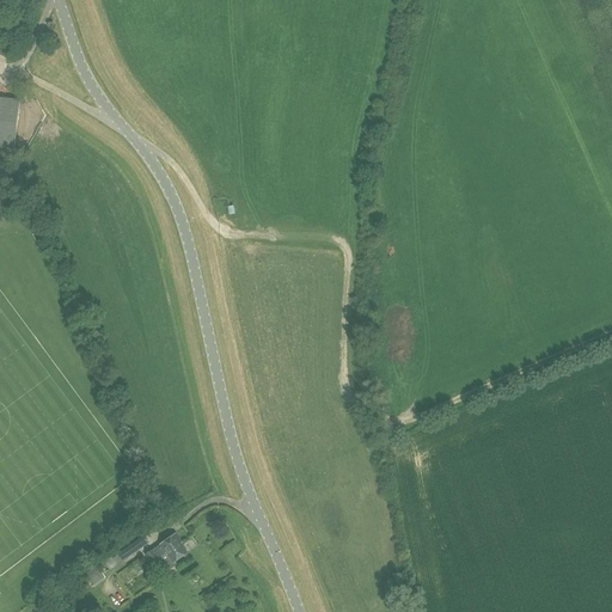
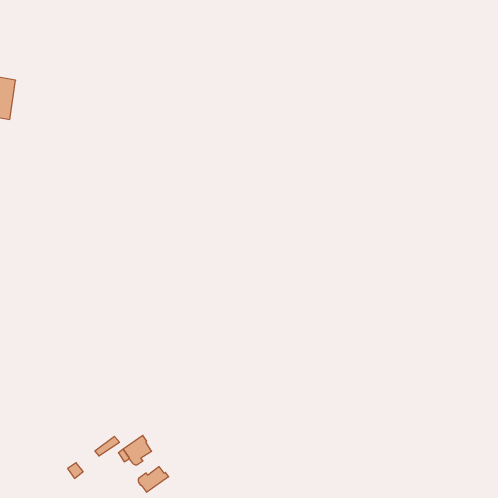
building: none -> [138,467,169,492]

